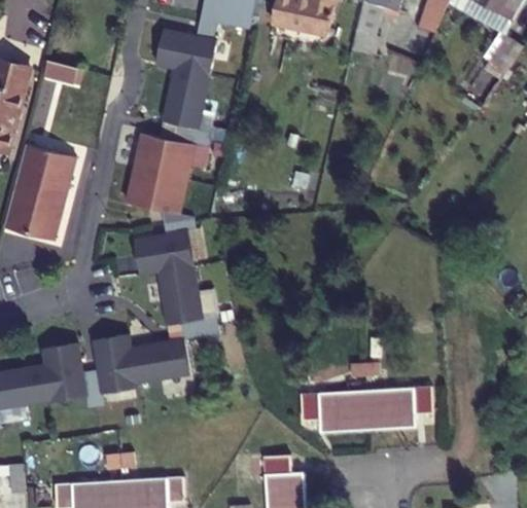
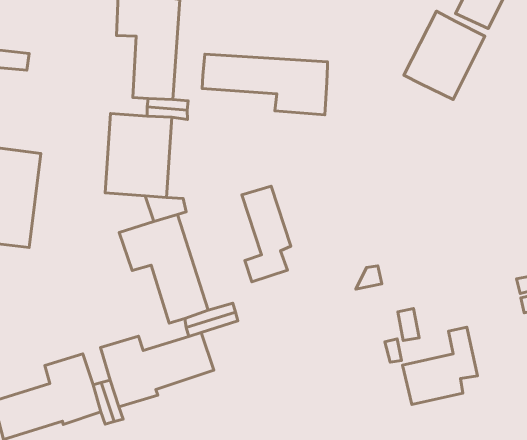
building: none -> [404,11,485,99]
building: none -> [202,54,327,115]
building: none -> [242,186,291,282]
building: [302,376,367,431] -> none

